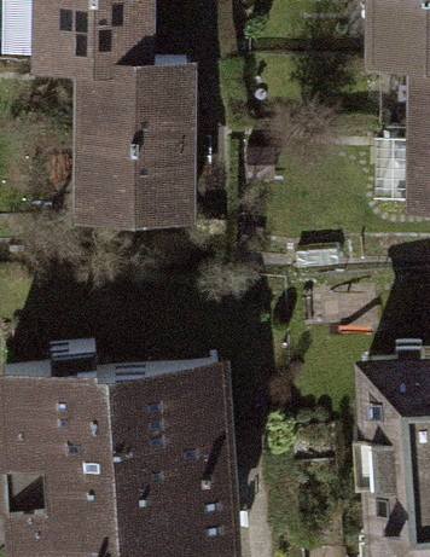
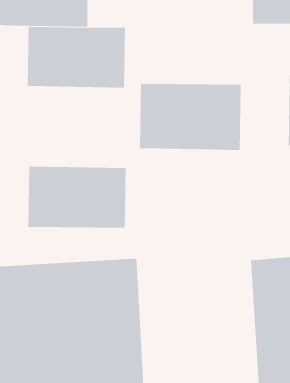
building: none -> [140,83,241,151]
building: [71,143,198,222] -> [28,166,127,228]

